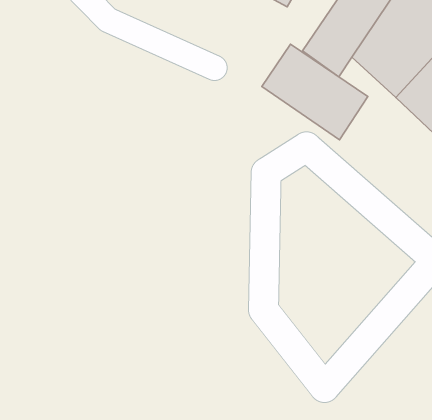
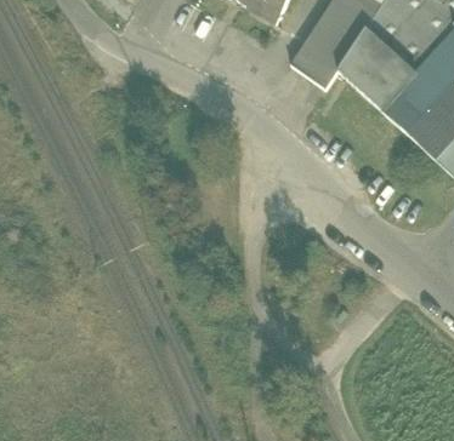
building: [262,44,368,140] -> none

